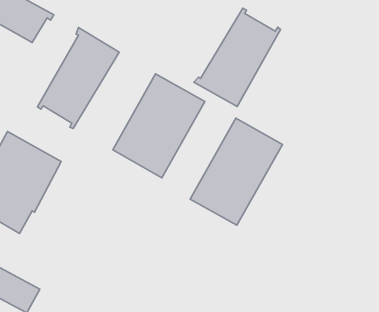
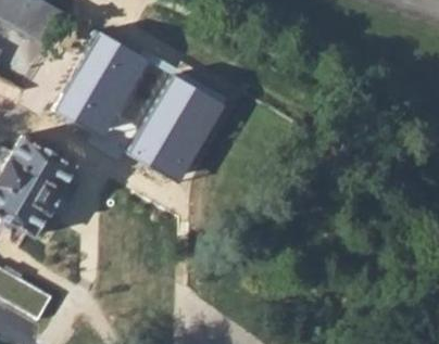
building: [194,8,280,106] -> none
building: [190,118,283,225] -> none

